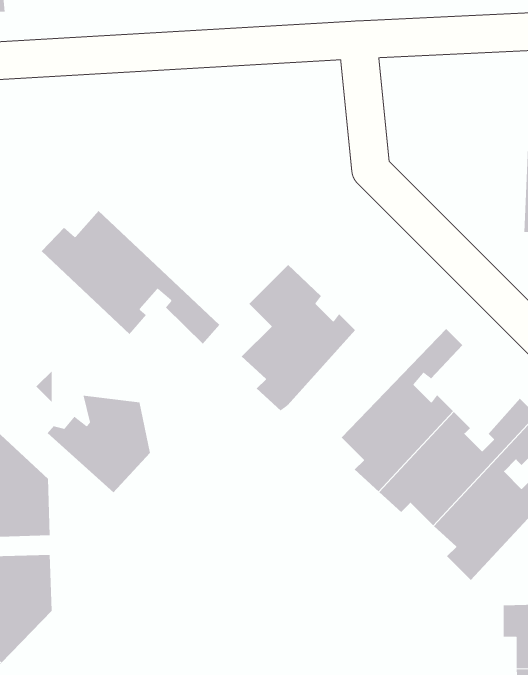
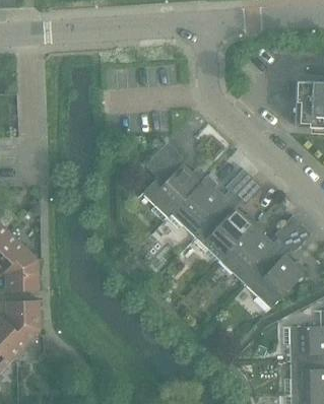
building: [41,210,220,345] -> none
building: none -> [169,169,254,237]
building: [47,395,151,493] -> none

